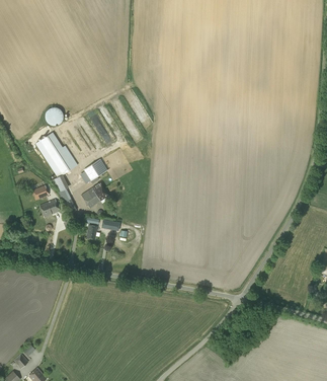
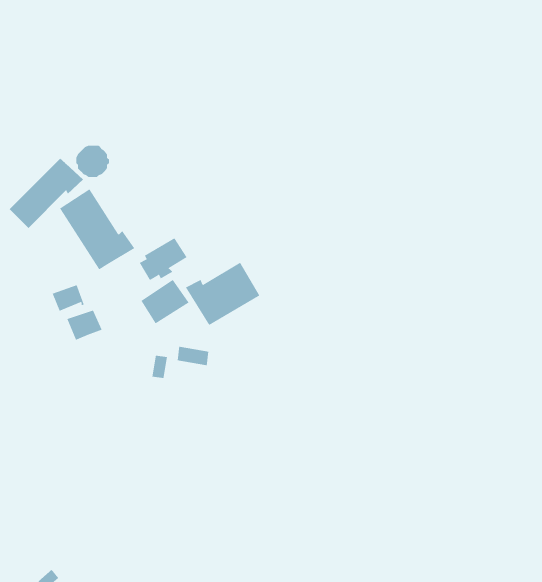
building: none -> [9,158,84,229]
building: none -> [185,262,260,326]

